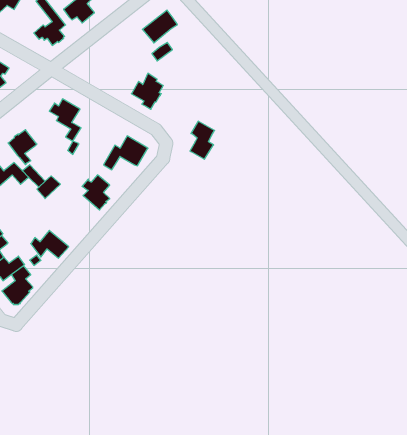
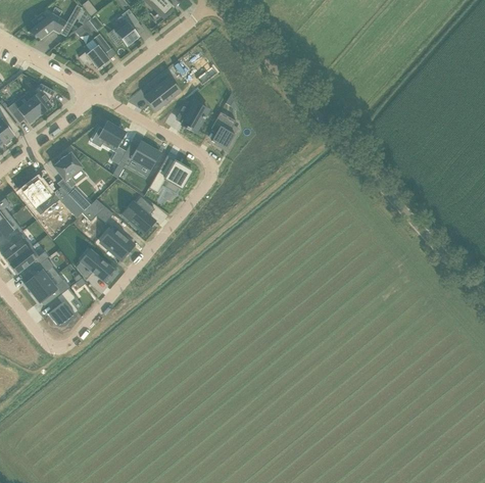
building: [142,10,177,43] -> [144,78,179,110]
building: none -> [119,141,160,171]
building: [190,121,215,159] -> [211,111,236,149]
building: none -> [100,227,134,260]

